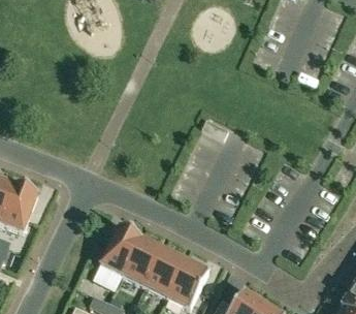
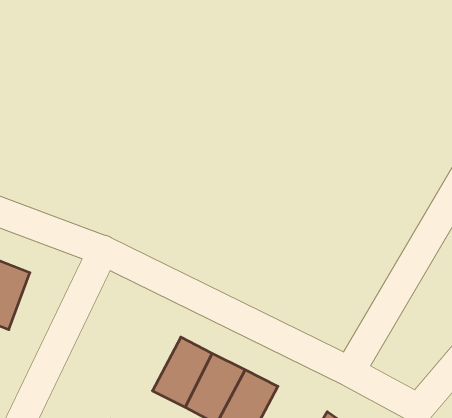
building: [99,225,141,274] -> none

